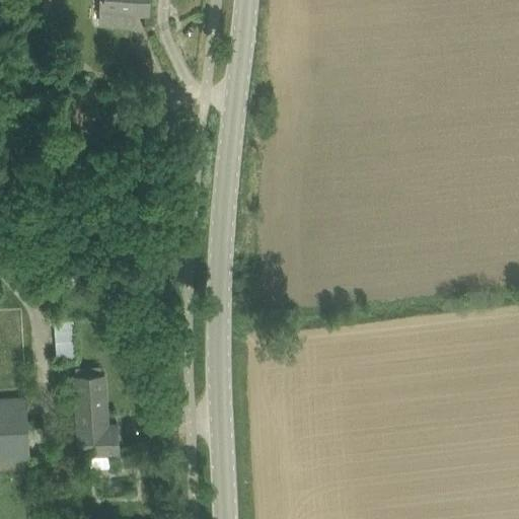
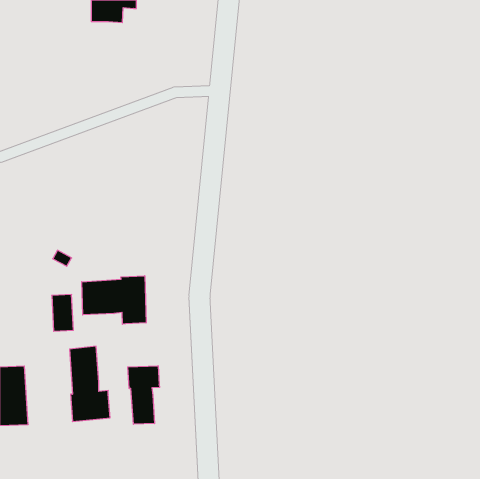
building: none -> [82,276,146,324]
building: none -> [128,366,160,424]

